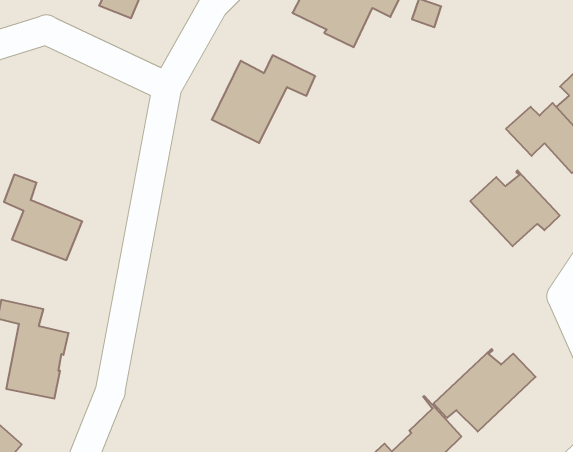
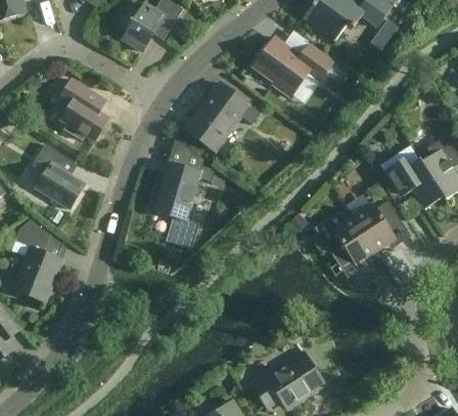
building: none -> [61,79,108,140]
building: none -> [149,143,215,248]
building: none -> [324,215,375,277]
building: [434,349,536,432] -> none

